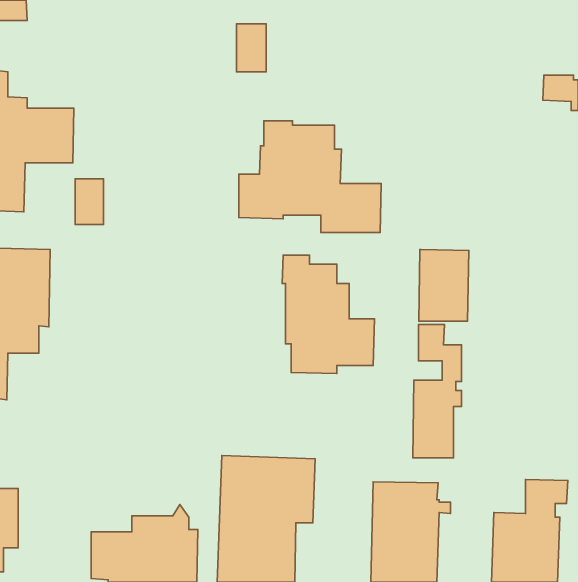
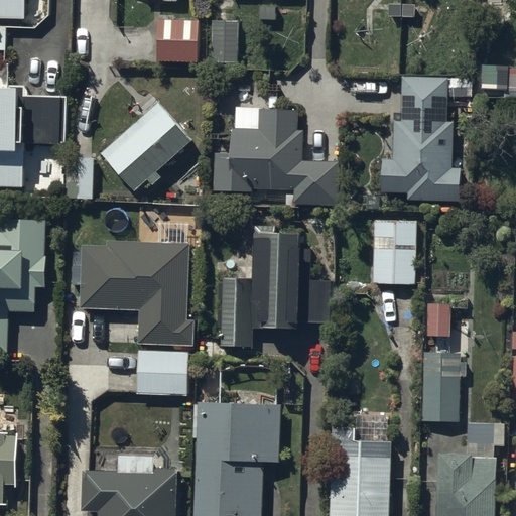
building: none -> [156,20,199,63]
building: none -> [381,78,459,202]
building: none -> [100,103,190,192]
building: none -> [80,242,194,346]
building: none -> [220,278,250,348]
building: [413,324,462,458] -> [421,304,465,422]
building: none -> [135,351,187,396]

